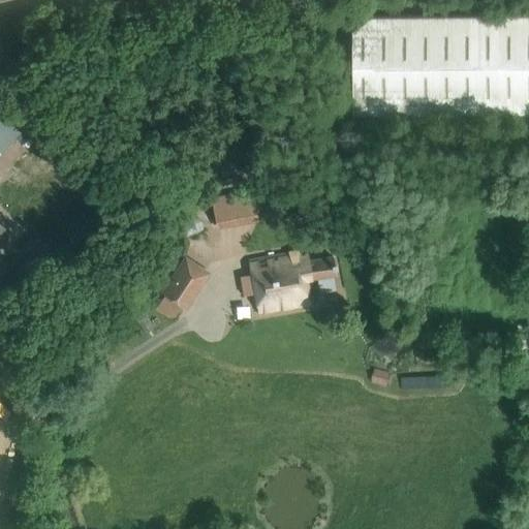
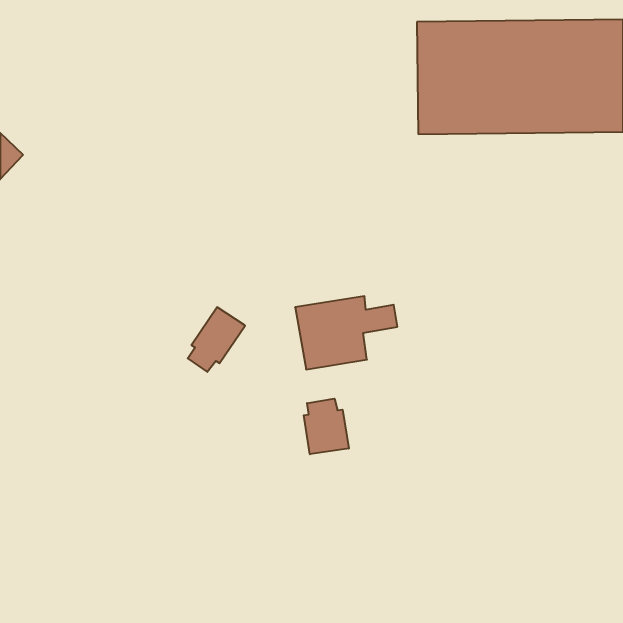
building: [210,189,258,229] -> none
building: none -> [304,399,349,454]

